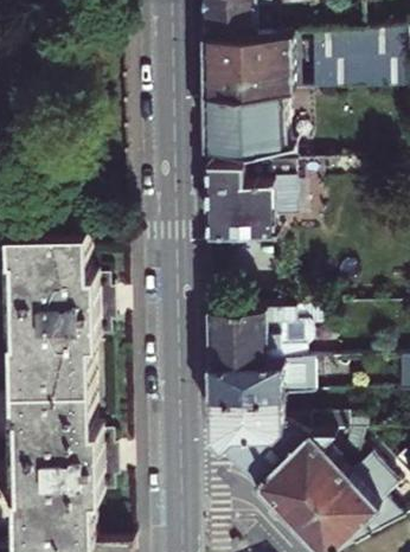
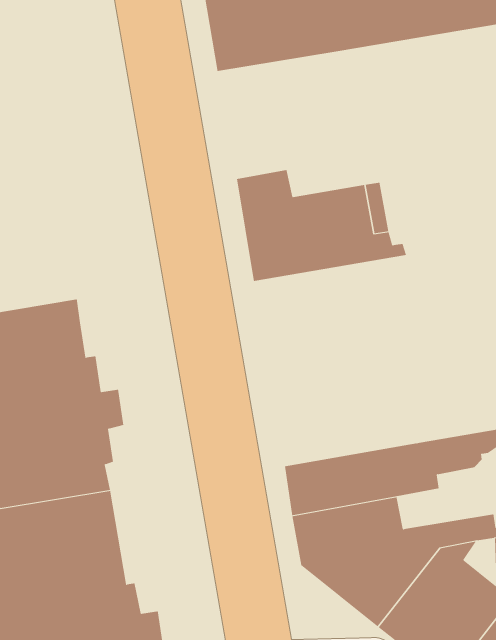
building: [206,92,296,168] -> none
building: [211,312,335,367] -> none

